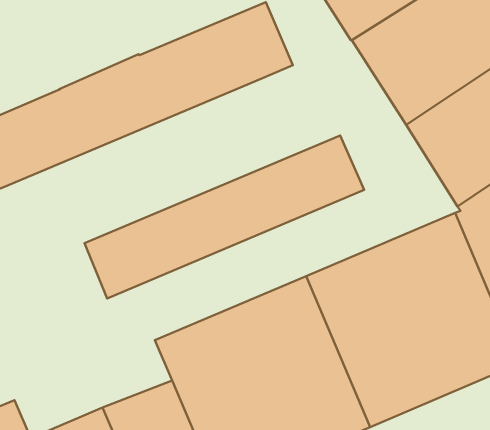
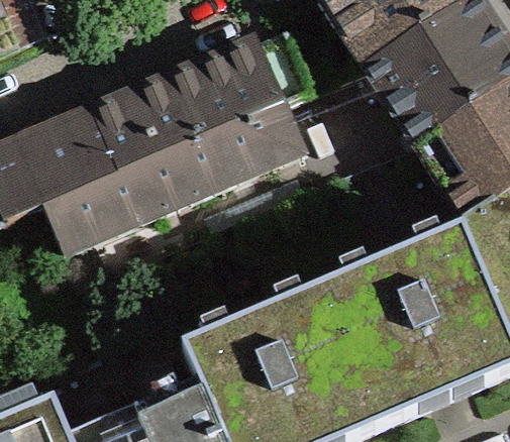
building: [84,135,364,299] -> [44,98,304,249]

